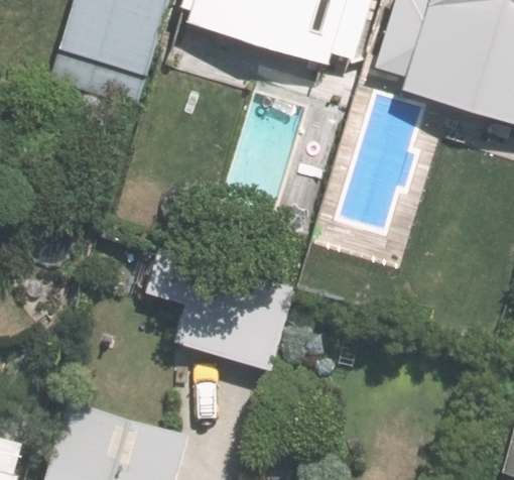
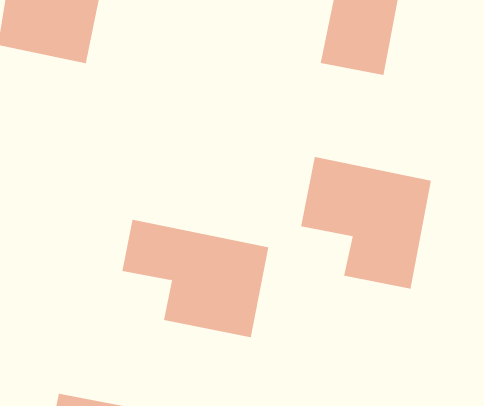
building: none -> [300,156,431,290]

